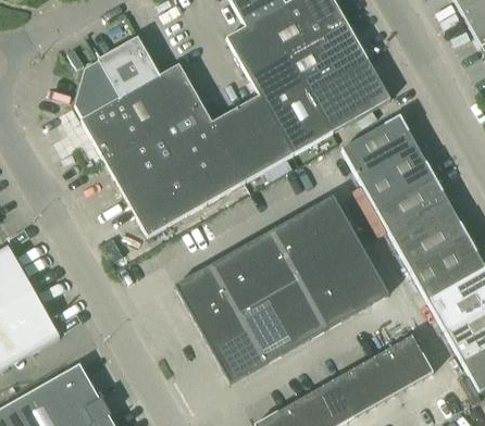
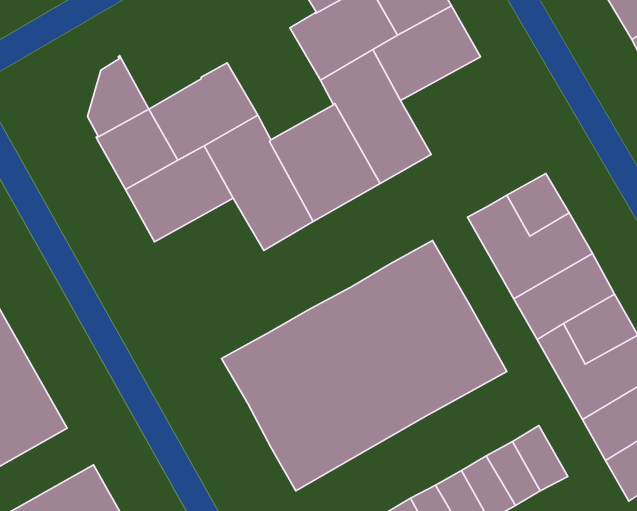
building: [98,36,159,98] -> none
building: [308,59,389,131] -> none
building: [340,114,416,178] -> none
building: [124,164,206,236] -> none

